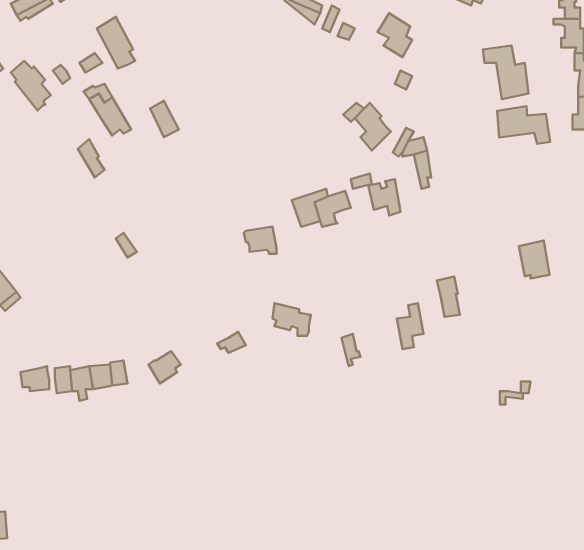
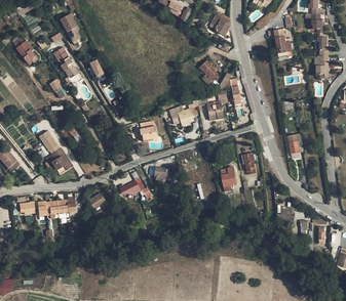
building: [497,106,550,144] -> none
building: none -> [40,131,73,172]

